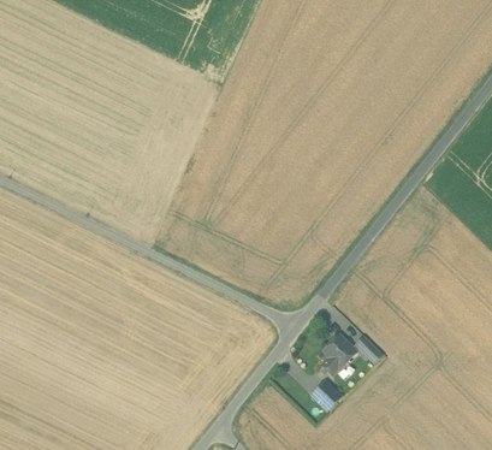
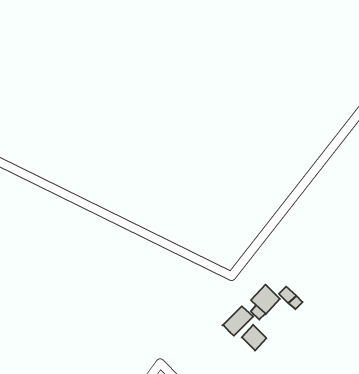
building: none -> [222,306,253,336]

